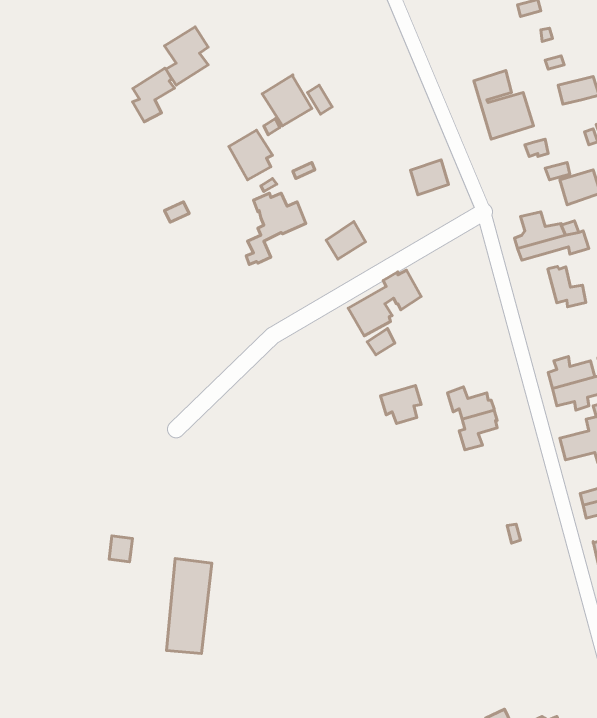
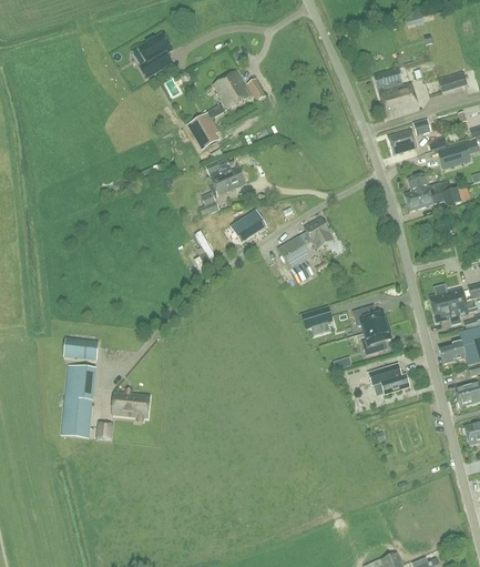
building: [132,68,174,122] -> none
building: [411,160,449,195] -> [387,129,416,155]
building: [326,221,365,259] -> [235,210,265,239]
building: [548,267,586,307] -> none
building: none -> [63,337,98,360]
building: none -> [368,364,409,394]
building: none -> [112,391,150,417]
building: [167,559,212,653] -> [61,365,95,437]

